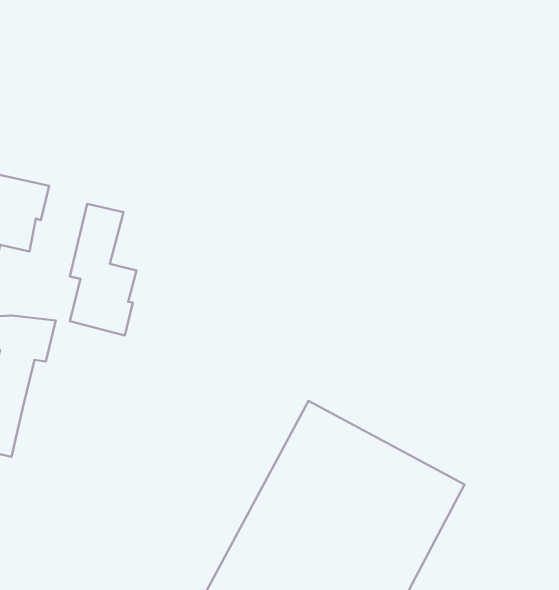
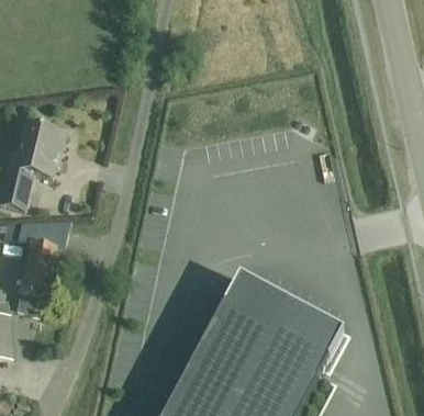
building: [70,204,137,336] -> none

